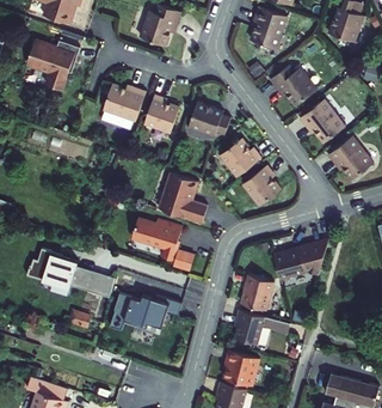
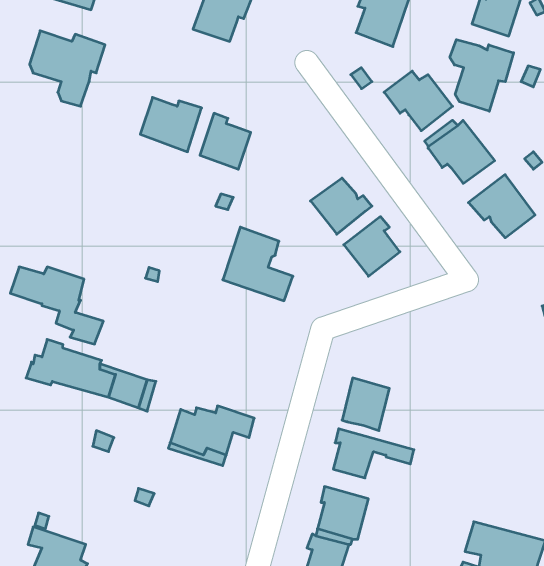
building: none -> [450,40,514,111]
building: [189,102,230,136] -> none
building: [131,219,195,272] -> [10,267,103,344]
building: [273,239,328,278] -> none

